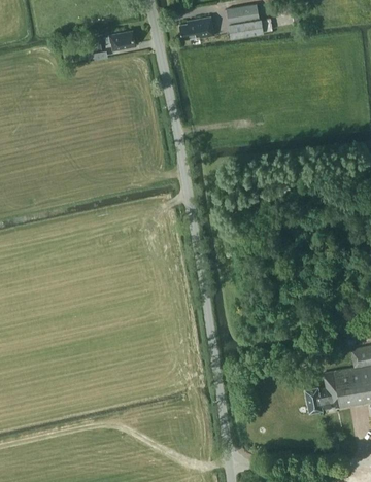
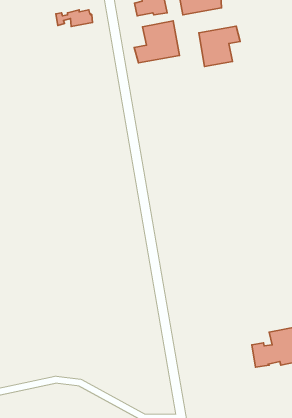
building: none -> [134,21,179,63]
building: none -> [199,26,240,67]

